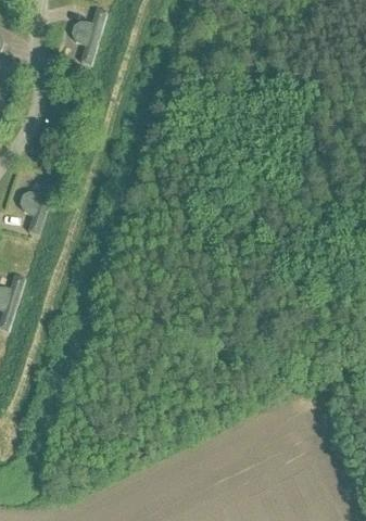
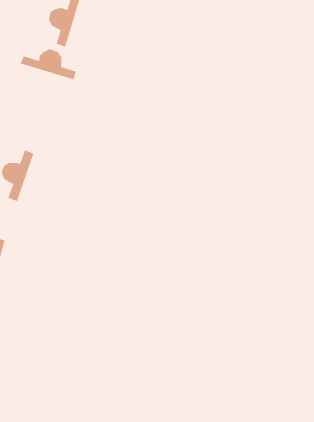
building: none -> [20,49,77,80]

